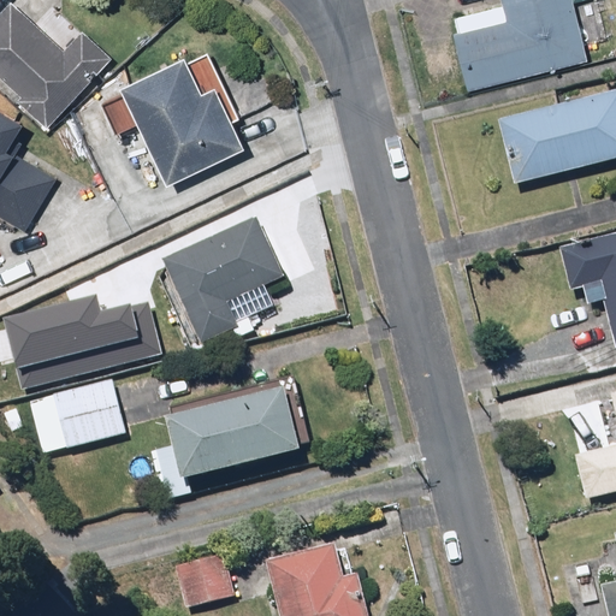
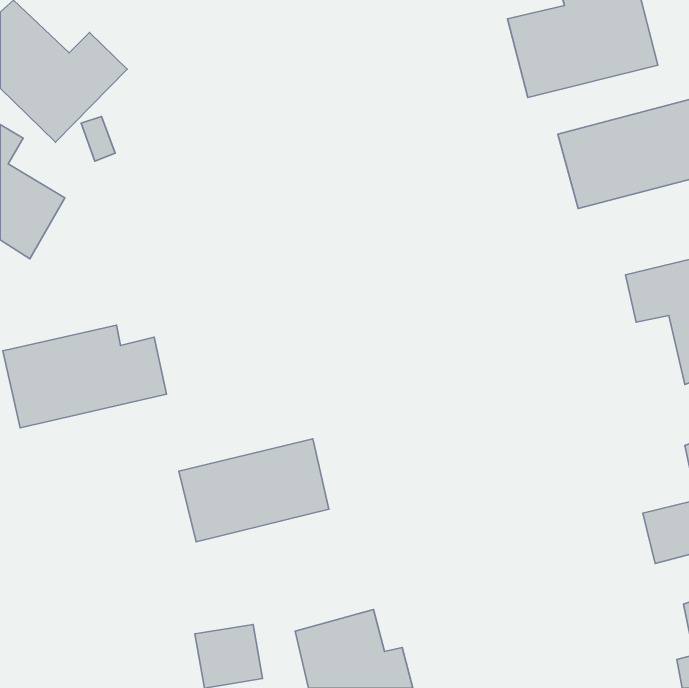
building: [117,55,243,183] -> none
building: [150,221,284,349] -> none
building: [29,377,130,457] -> none

